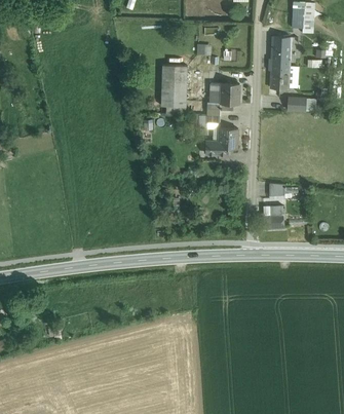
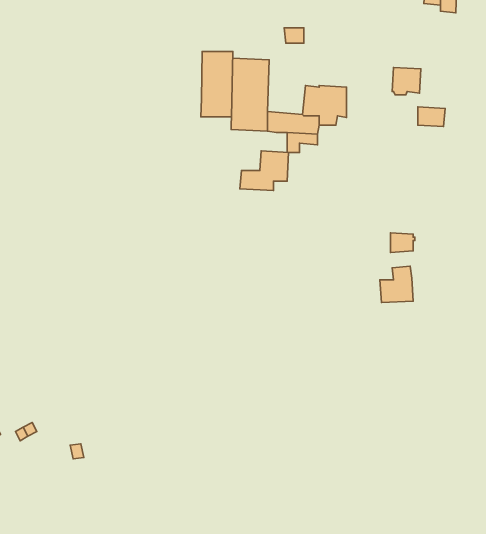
building: [271,38,292,72] -> none
building: none -> [201,51,233,117]
building: [205,128,238,155] -> [240,151,289,190]

